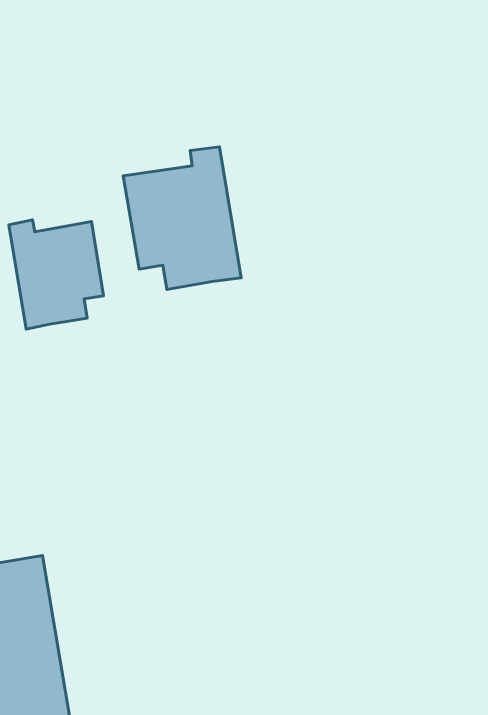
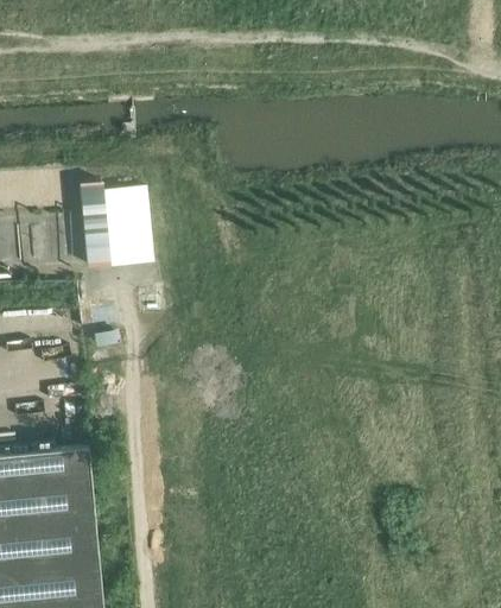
building: [123,147,241,289] -> none

